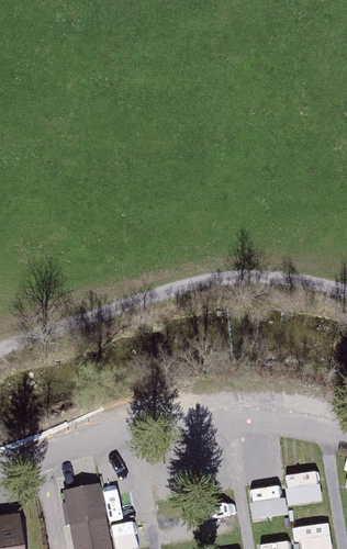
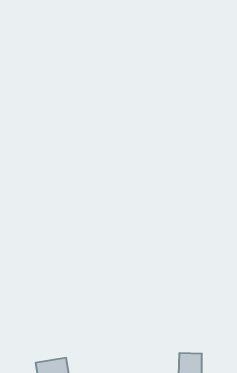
building: [284,468,324,504] -> none

